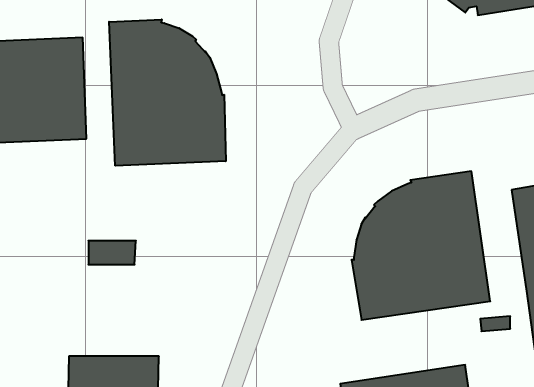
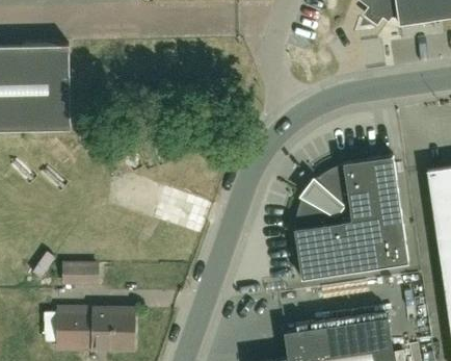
building: [109,19,226,166] -> none
building: [88,241,136,265] -> [58,264,98,284]

